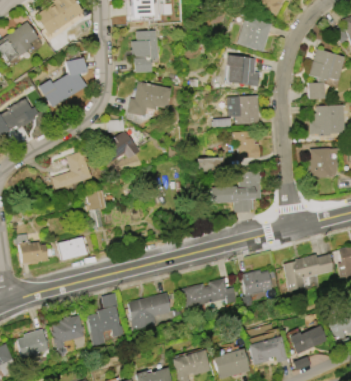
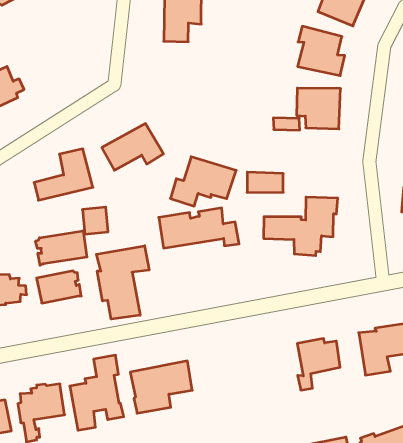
building: [39,57,86,107] -> none
building: [127,82,171,116] -> [170,157,236,206]
building: [234,131,260,158] -> none
building: none -> [36,231,87,265]
building: none -> [96,246,149,319]
building: [182,278,239,309] -> [159,208,239,248]

